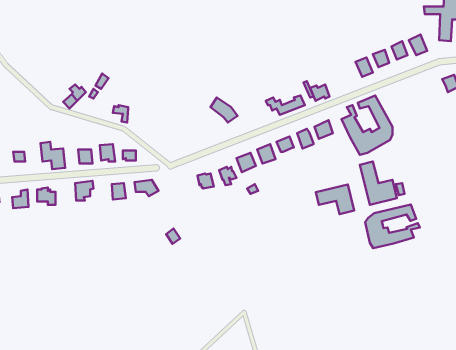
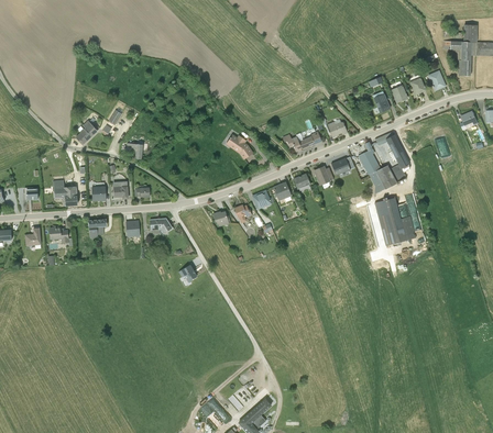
building: [316,184,354,214] -> none
building: [365,204,420,248] -> none

